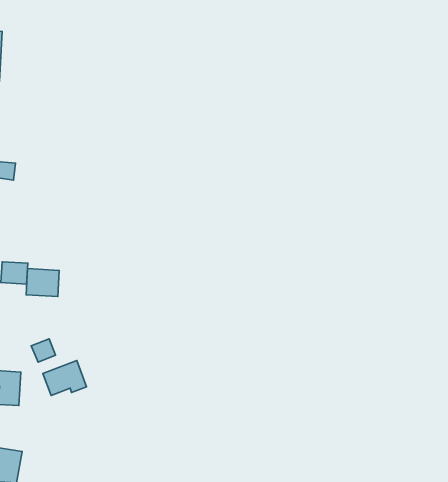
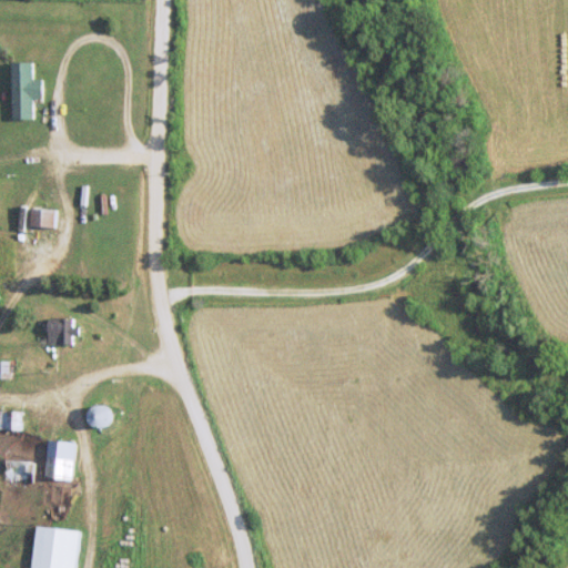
building: [26,269,59,297] -> none
building: [43,361,87,395] -> none

